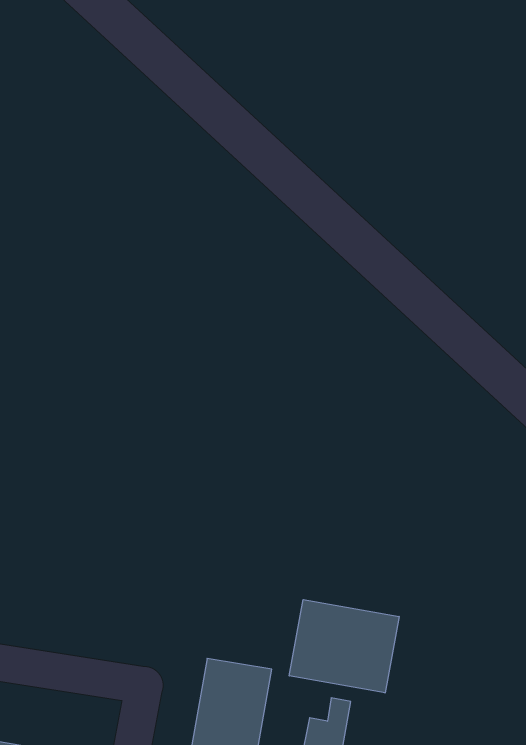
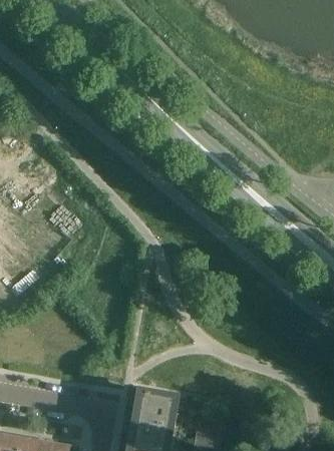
building: [289,600,399,693] -> none

